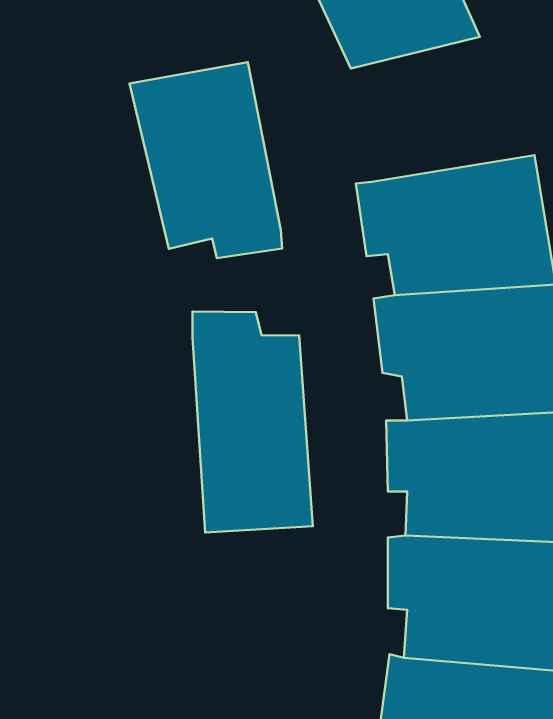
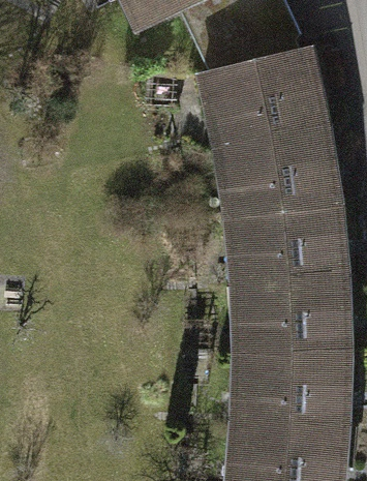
building: none -> [208,54,324,143]
building: [129,62,282,258] -> none
building: [192,312,313,533] -> none

